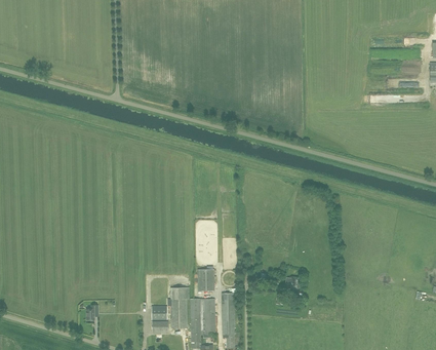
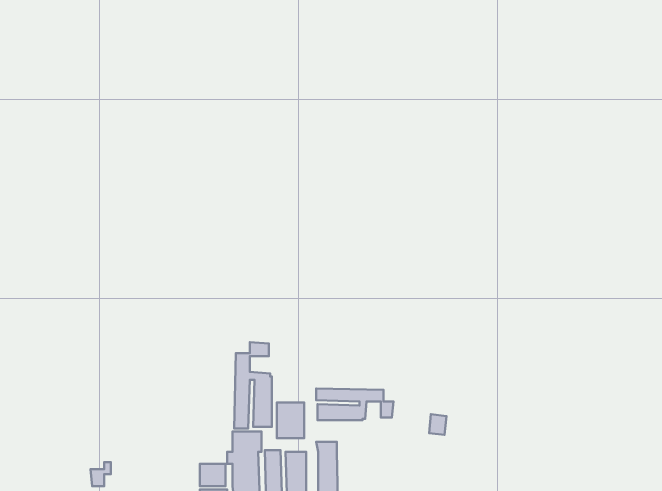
building: none -> [234,342,272,428]
building: none -> [316,388,393,420]

